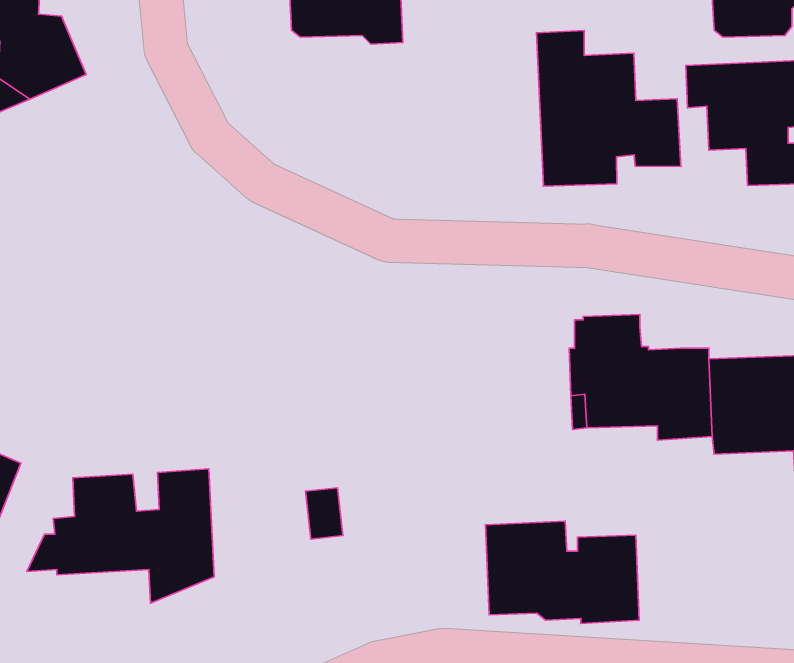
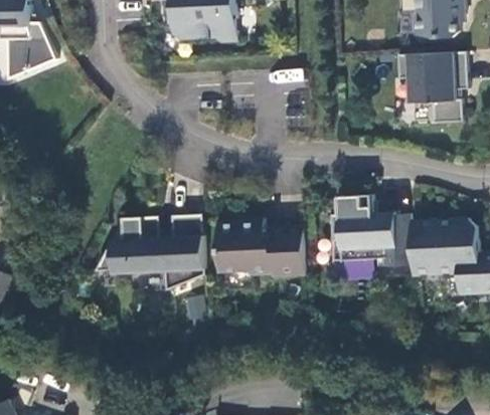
building: [537,30,681,186] -> none
building: [27,469,214,603] -> [97,213,203,289]
building: [485,521,639,624] -> [216,218,304,276]

